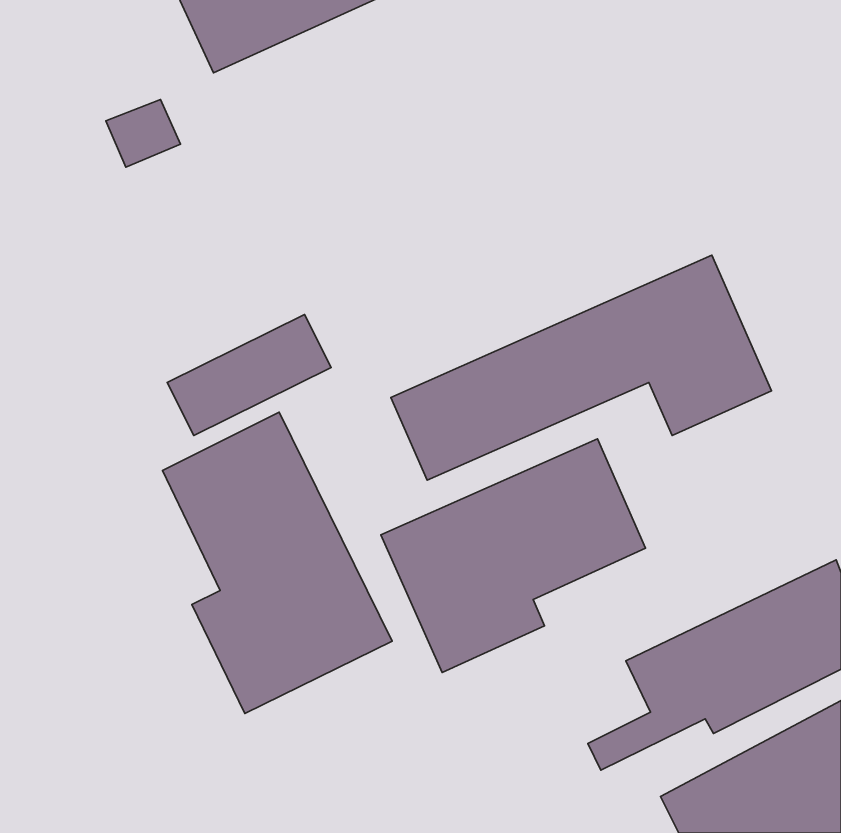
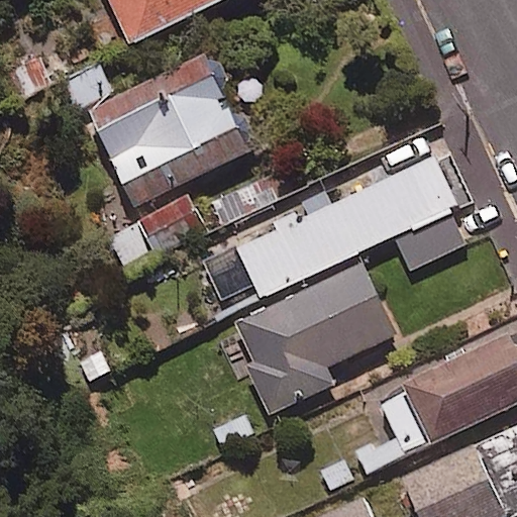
building: none -> [87,55,247,203]
building: [163,412,392,714] -> none

